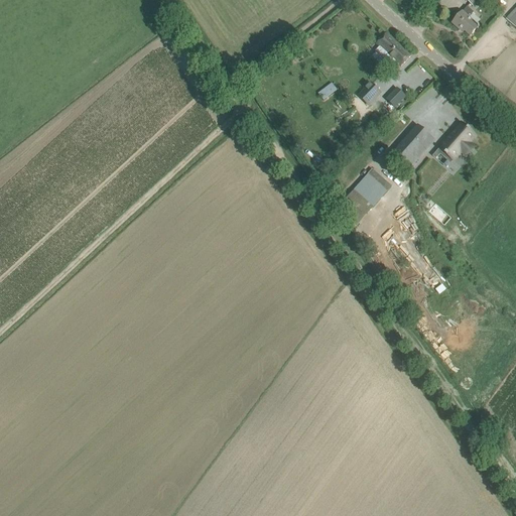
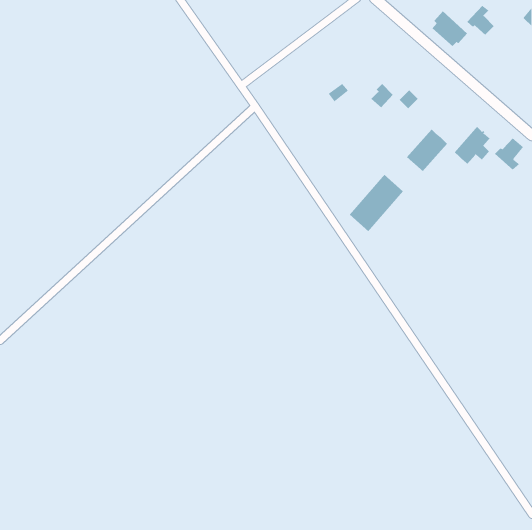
building: [375,32,410,68] -> [432,11,468,47]
building: none -> [494,138,524,170]

